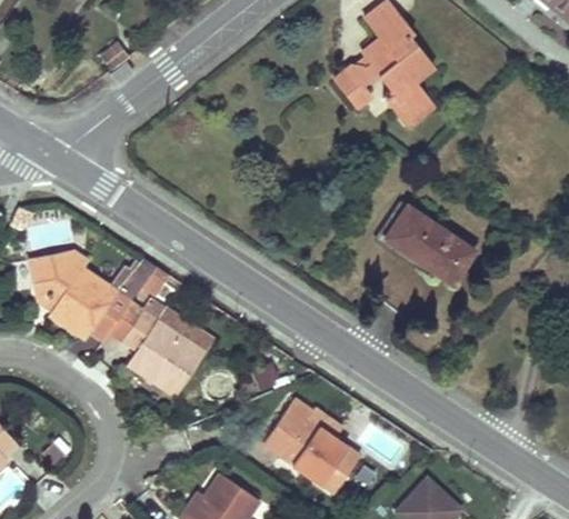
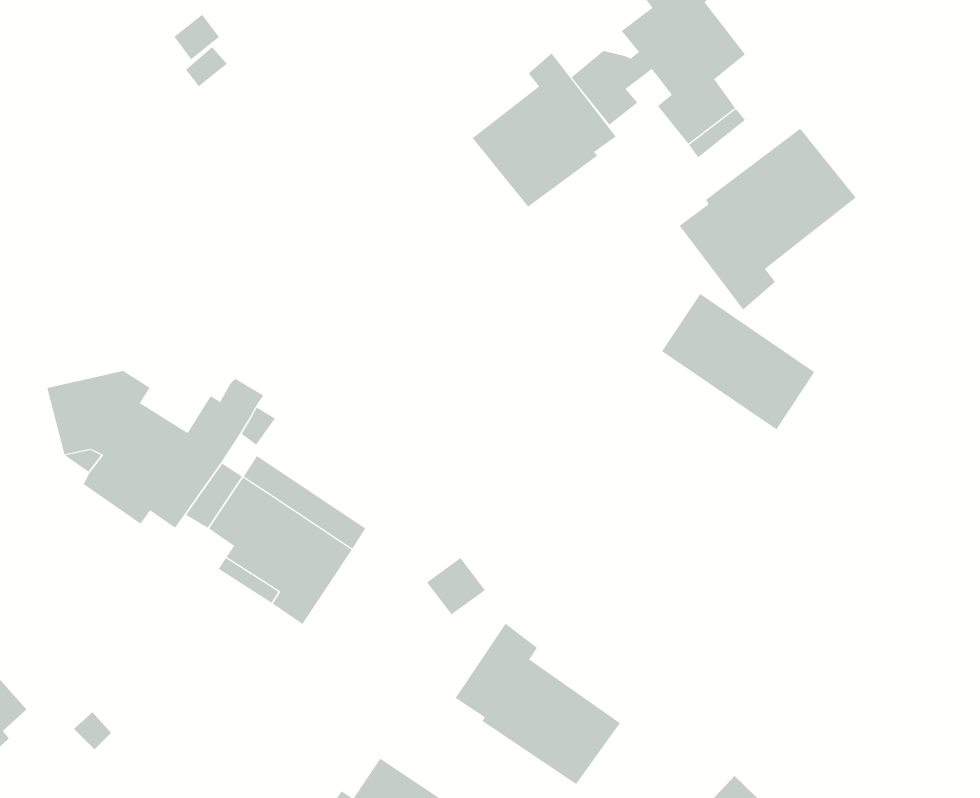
building: none -> [472,52,616,207]
building: none -> [679,128,857,310]

